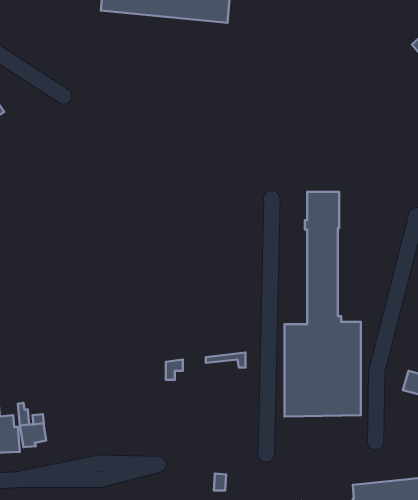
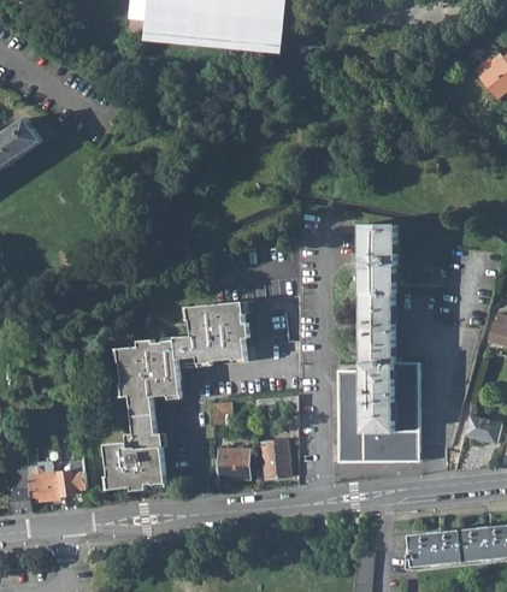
building: none -> [106,302,249,489]
building: none -> [260,440,289,478]
building: none -> [218,449,249,479]

